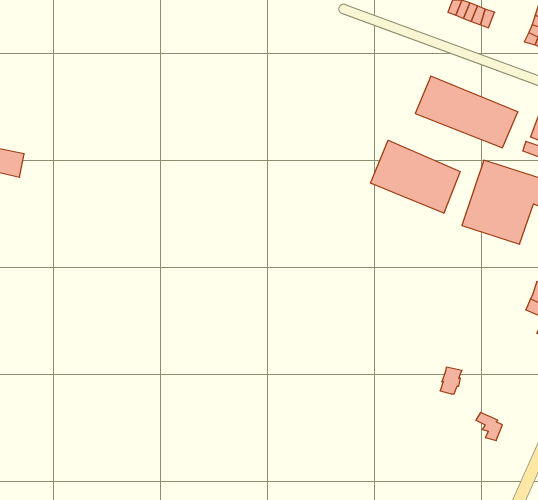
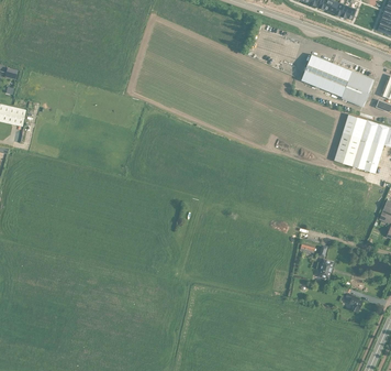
building: [371,140,460,213] -> none

